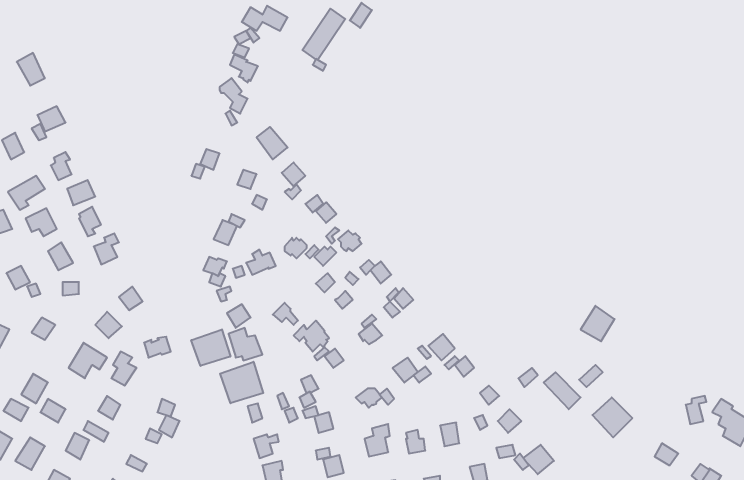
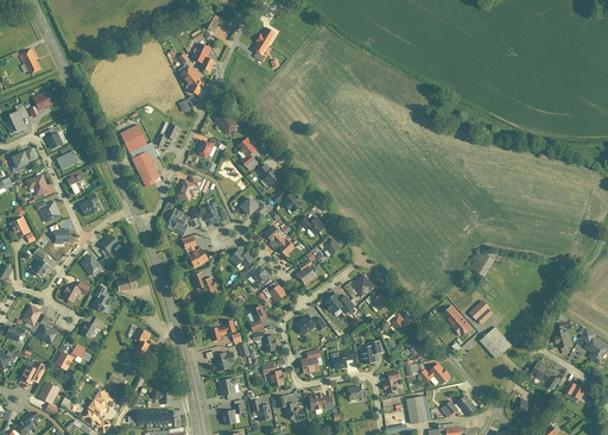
building: none -> [120,125,163,187]
building: [191,329,230,366] -> none
building: [220,362,263,403] -> none

